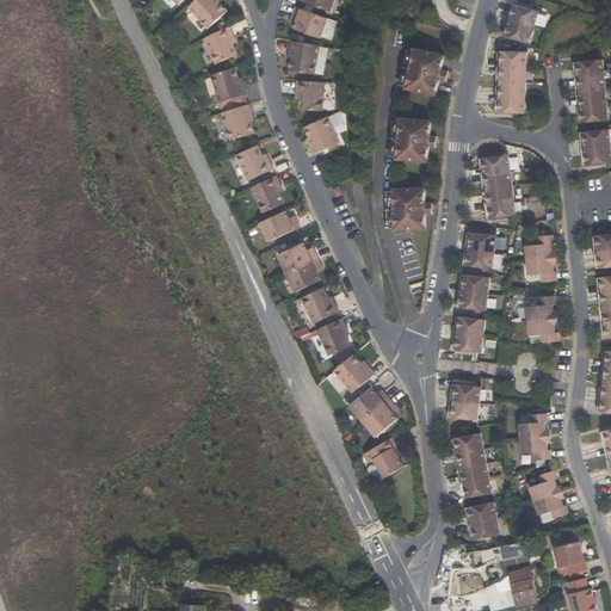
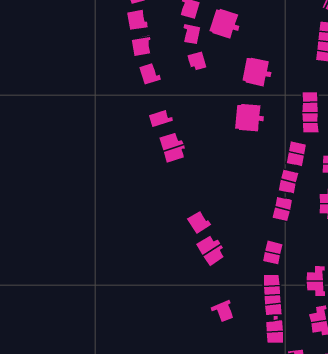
building: [399,47,445,92] -> [208,8,240,40]
building: [249,173,283,211] -> none
building: [301,285,337,321] -> none
building: [315,316,347,353] -> none
building: [363,437,401,475] -> [209,298,234,323]

